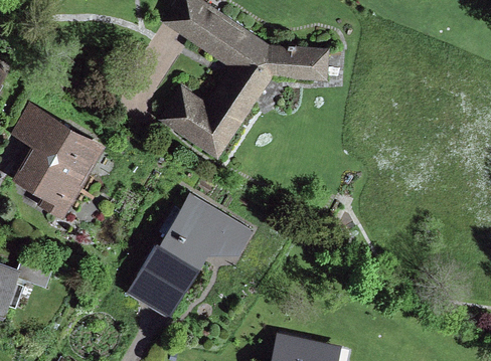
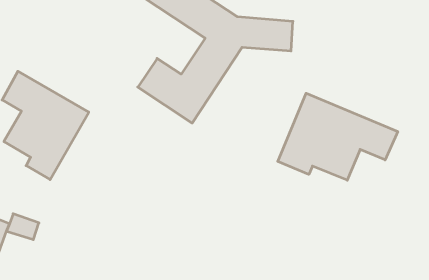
building: none -> [278,93,398,180]
building: [128,193,252,315] -> none

